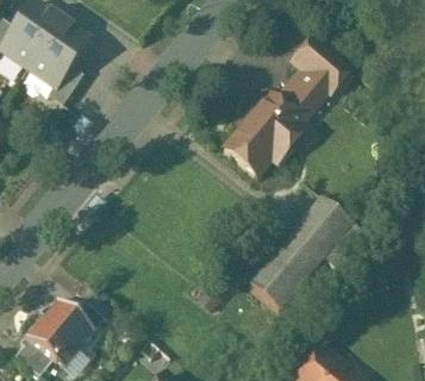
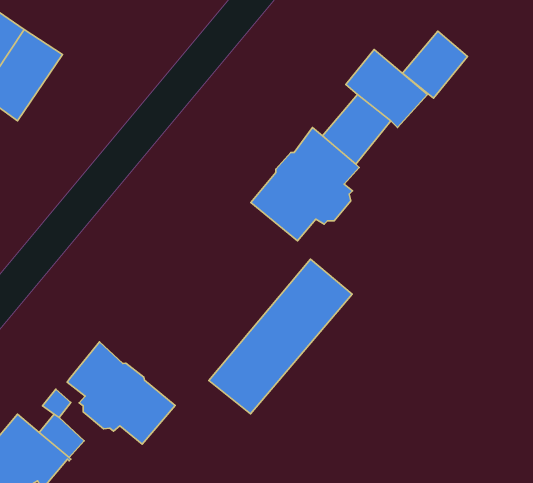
building: none -> [402,31,467,98]
building: [246,200,349,311] -> [209,259,352,414]
building: none -> [67,342,175,444]

